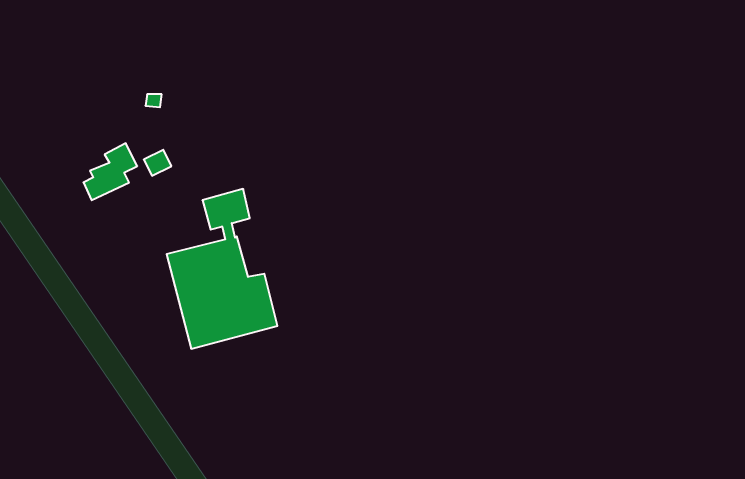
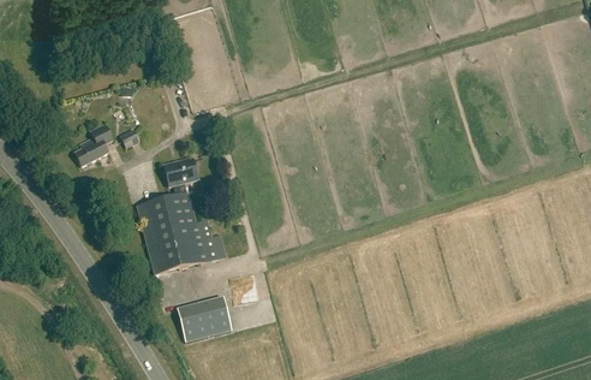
building: none -> [177,296,232,342]

